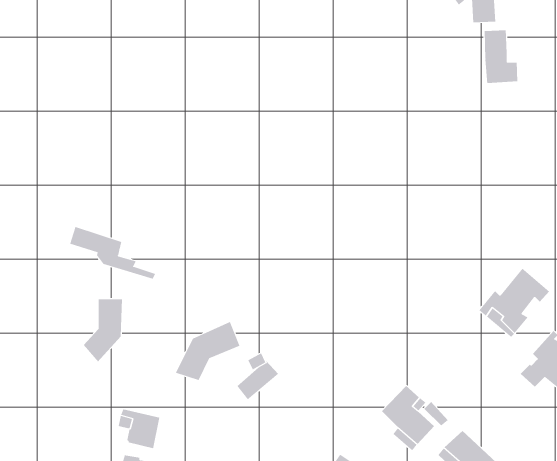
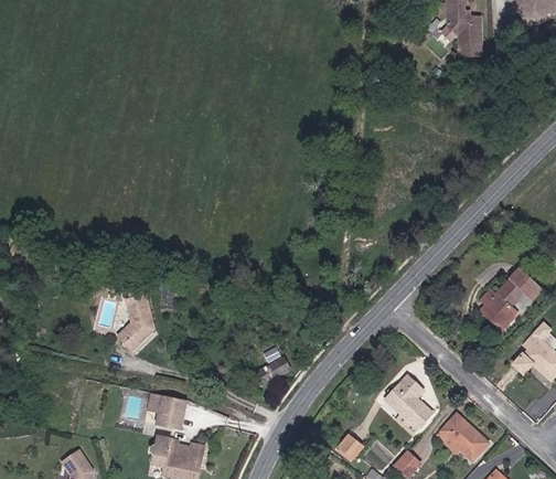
building: [484,29,518,84] -> none
building: [69,226,156,280] -> none
building: [175,321,240,381] -> none

